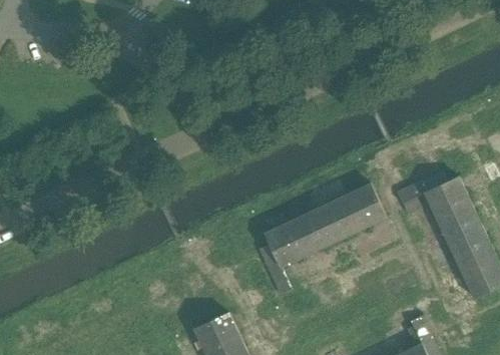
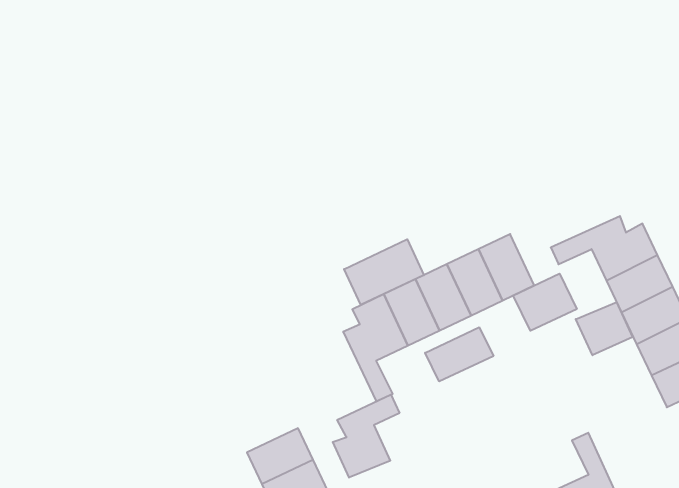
building: none -> [344,239,424,305]
building: none -> [513,274,577,331]
building: none -> [576,302,632,355]
building: none -> [425,327,493,381]
building: none -> [333,395,399,478]

